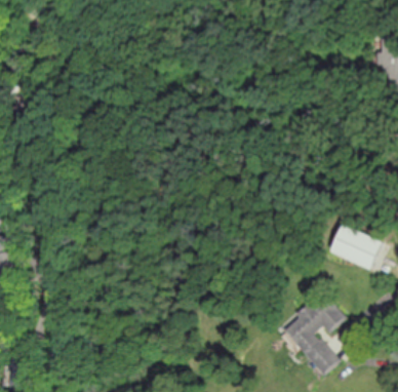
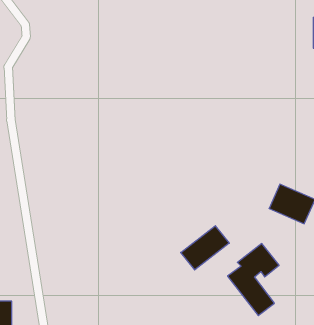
building: none -> [181,226,229,270]

